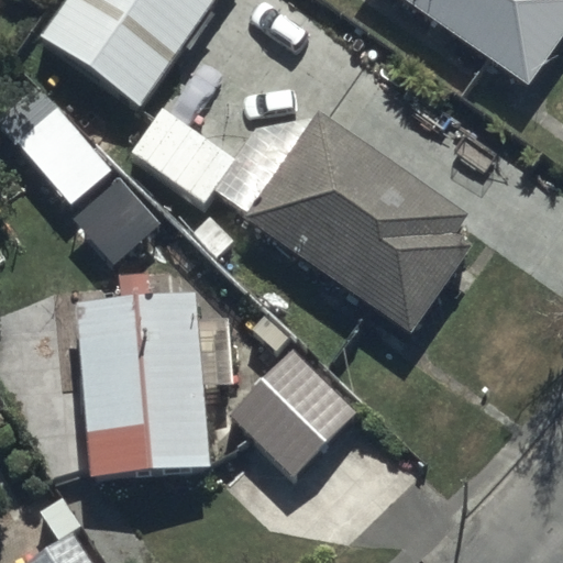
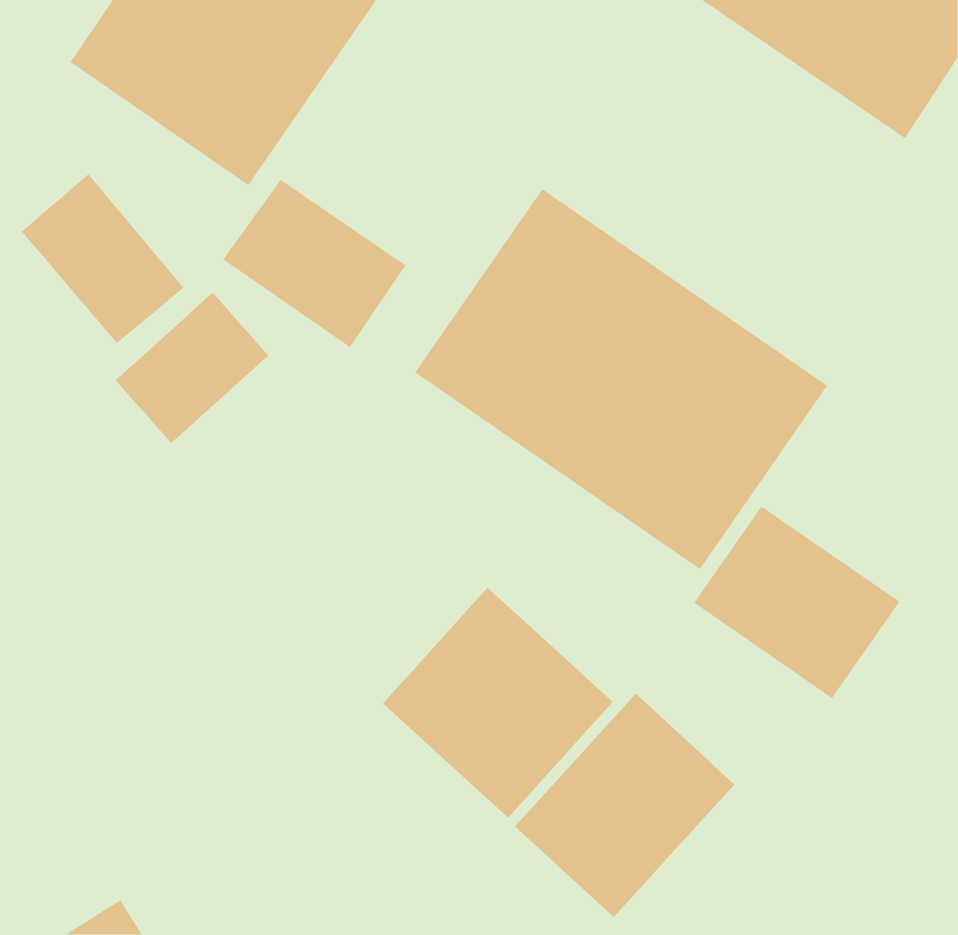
building: [76,291,211,477] -> none
building: none -> [693,505,900,699]
building: none -> [514,693,735,918]

